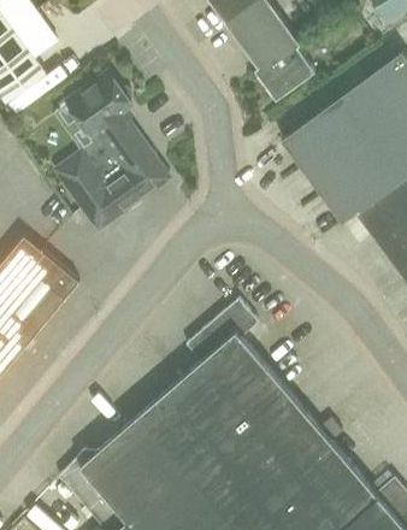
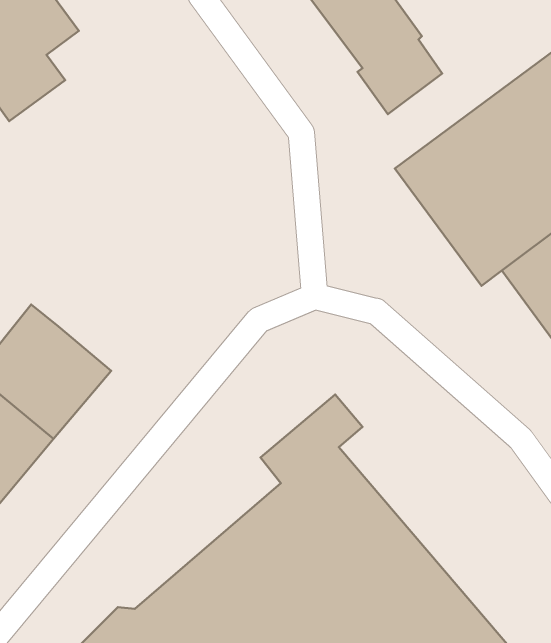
building: [57,73,169,230] -> none

